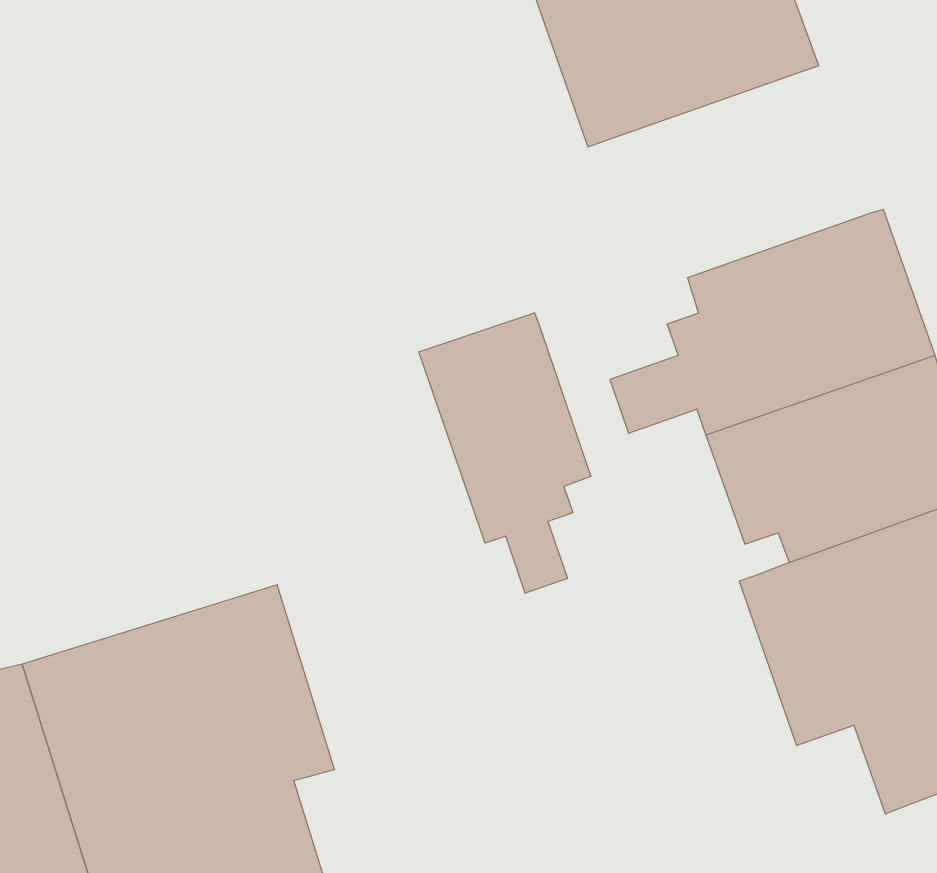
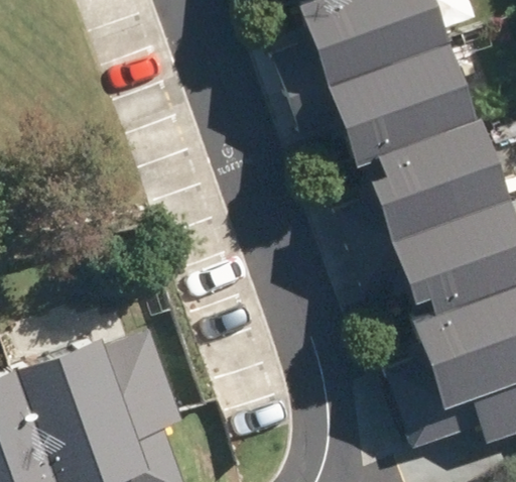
building: none -> [322,39,477,164]
building: [419,313,591,593] -> none

